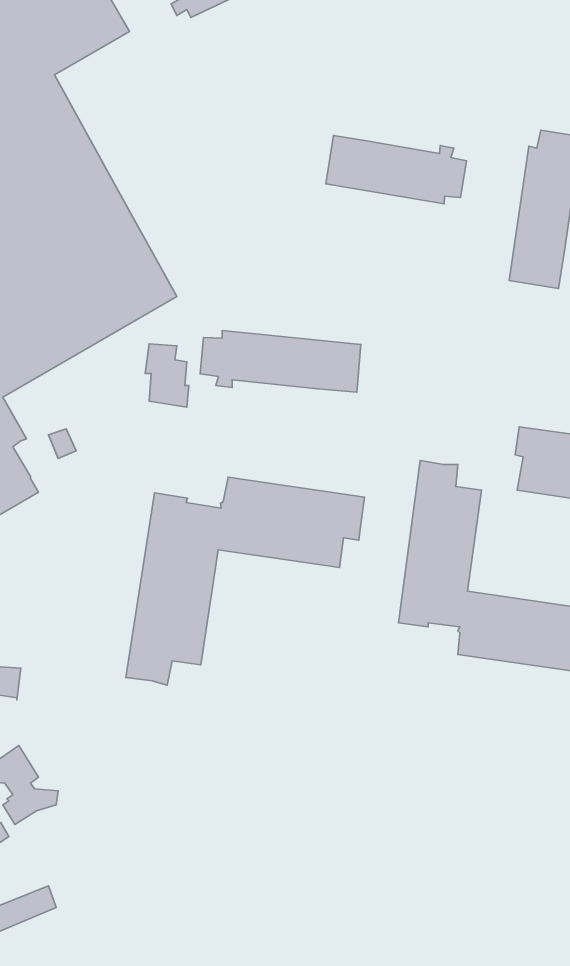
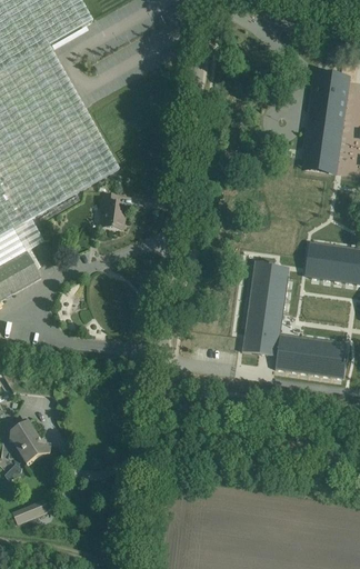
building: [326,135,466,204] -> none
building: [200,330,361,392] -> none
building: [126,477,365,685] -> none

